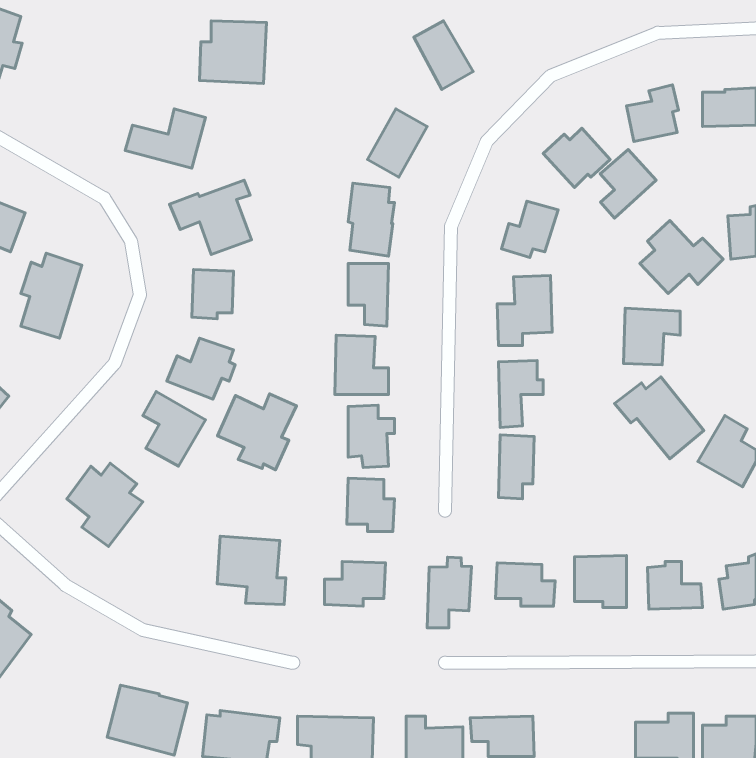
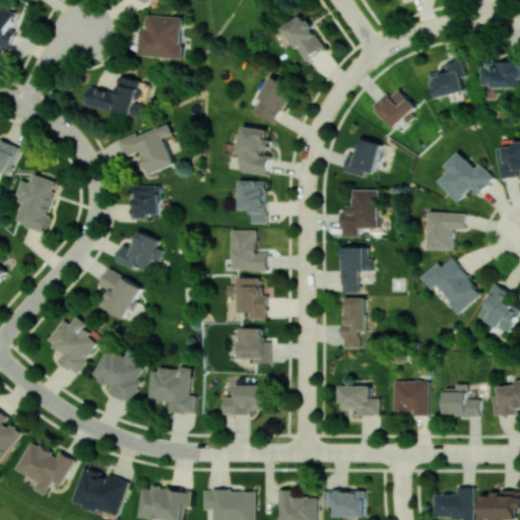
building: [600,149,656,218] -> none
building: [217,394,296,470] -> [91,349,145,401]
building: [427,557,471,628] -> none
building: none -> [17,443,74,495]

